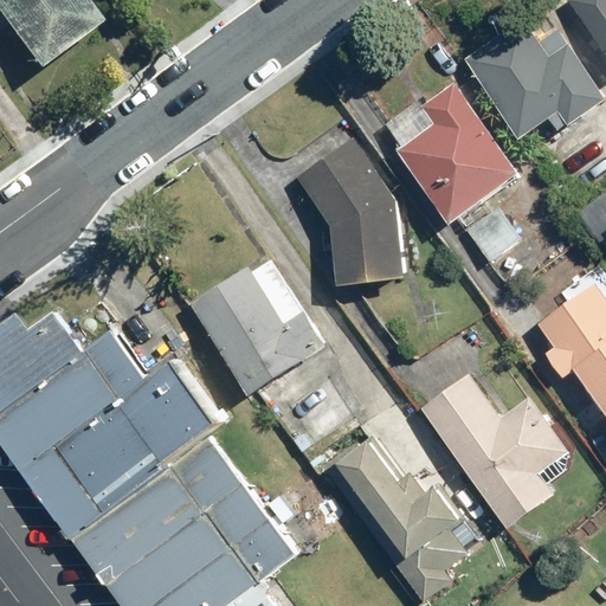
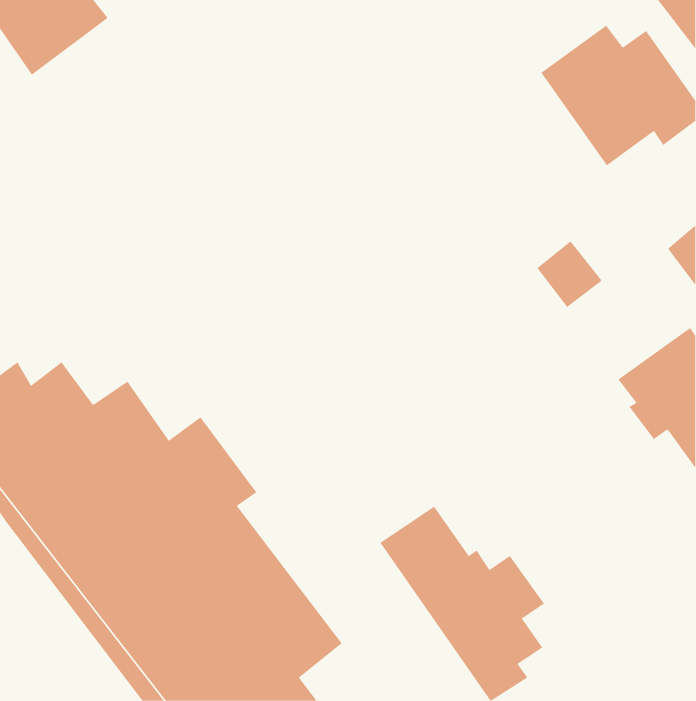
building: [385,83,521,227] -> none
building: [298,142,410,294] -> none
building: [191,256,327,395] -> none
building: [420,375,570,528] -> none

